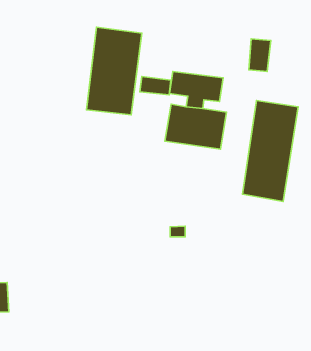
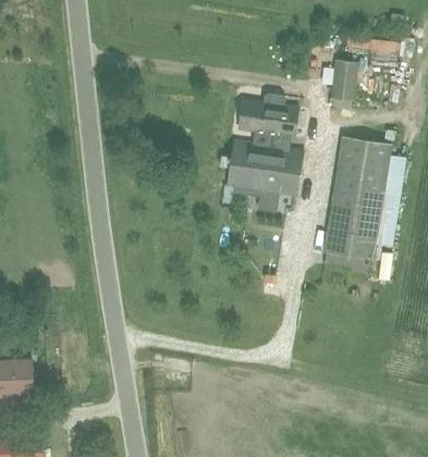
building: [86,27,142,115] -> none
building: [140,77,171,95] -> none

